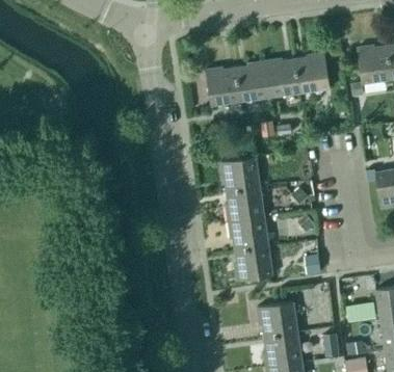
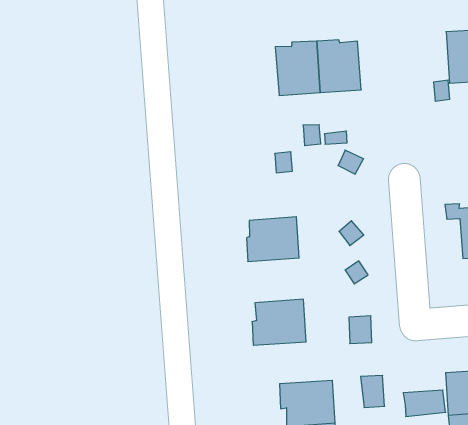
building: [294,52,330,94] -> none
building: [205,68,241,106] -> none
building: [219,157,260,192] -> none
building: [228,216,269,250] -> none

